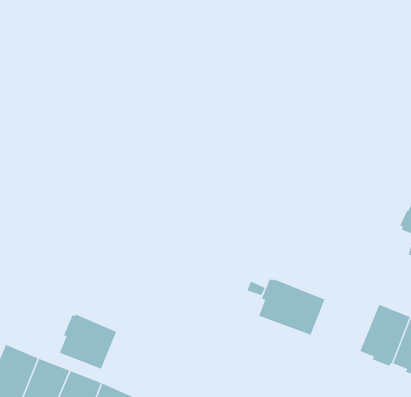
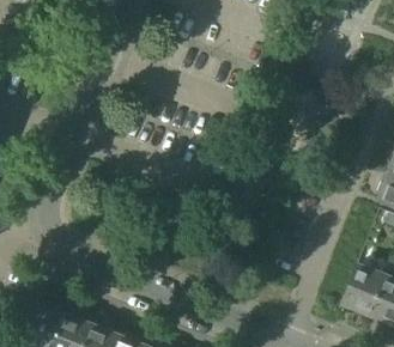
building: [258,278,325,336] -> none
building: [59,314,117,369] -> none

